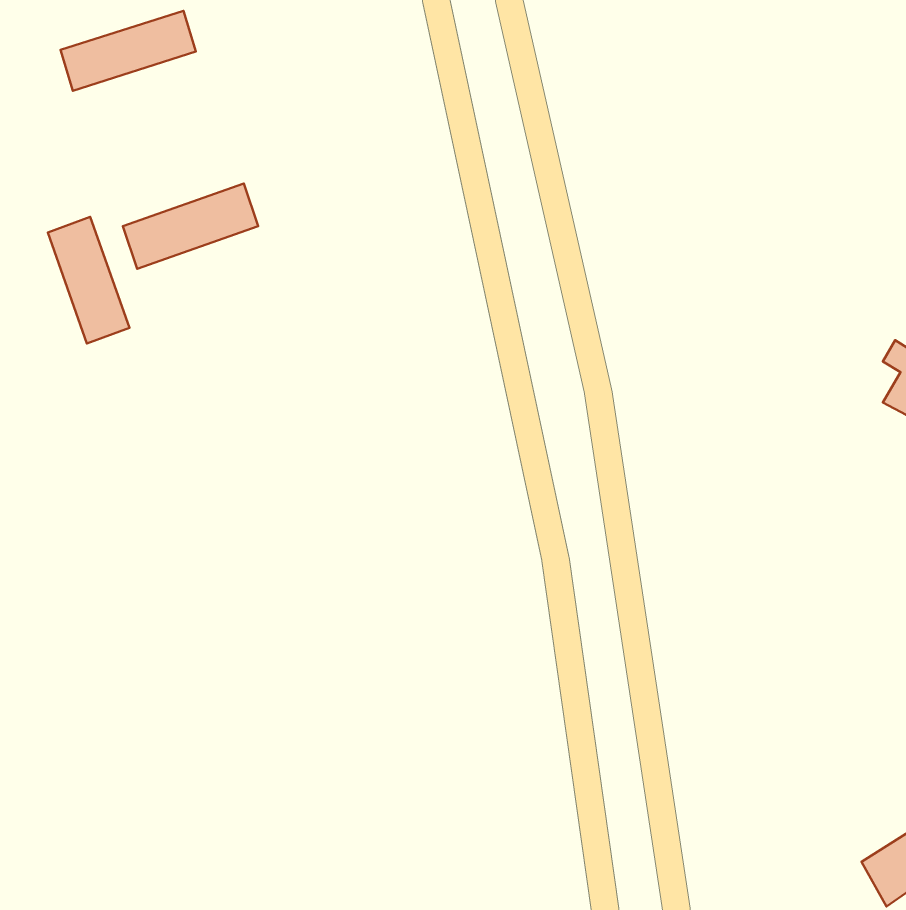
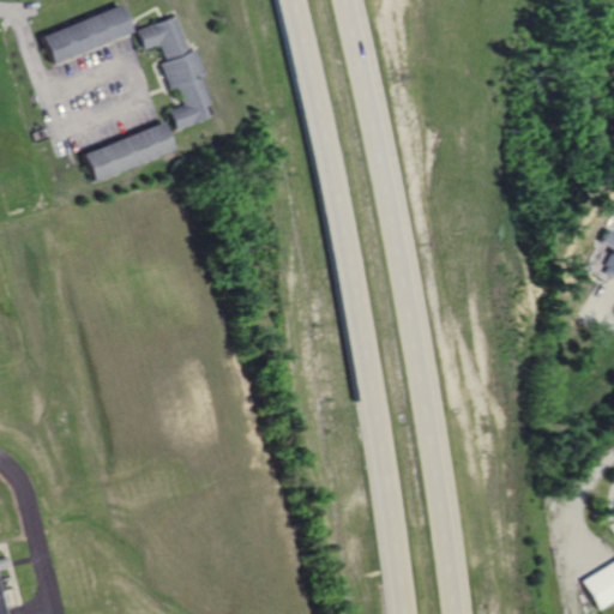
building: none -> [139,16,217,130]
building: [48,217,129,343] -> none

